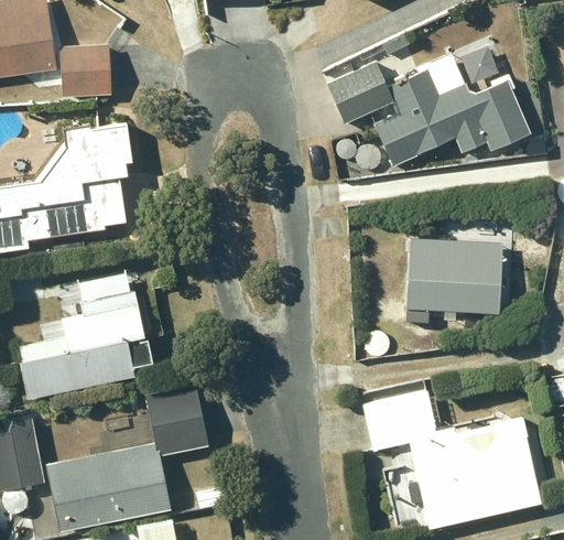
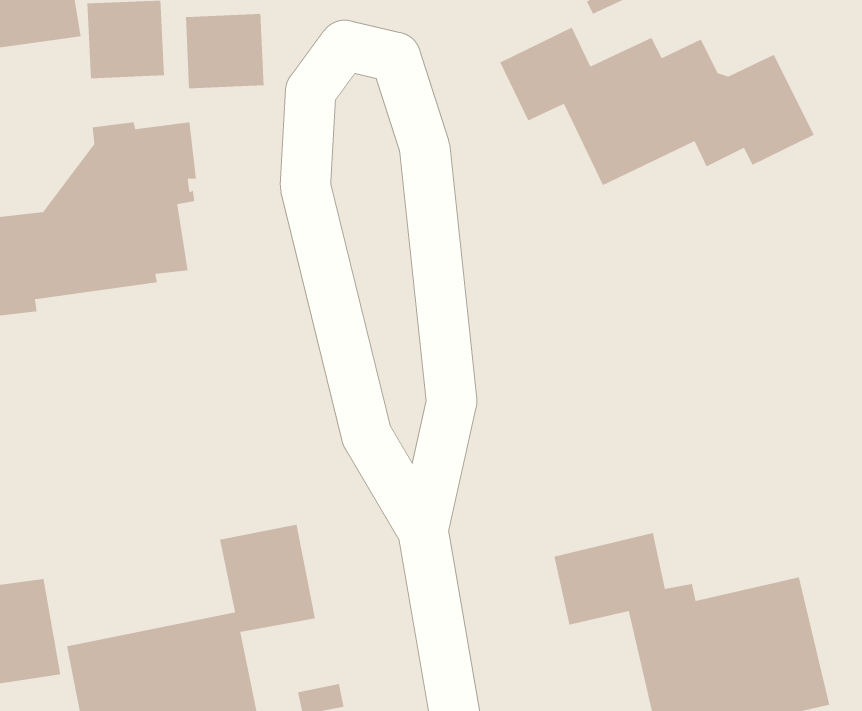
building: none -> [185,13,264,89]
building: [405,238,510,320] -> none
building: [19,272,152,400] -> none

